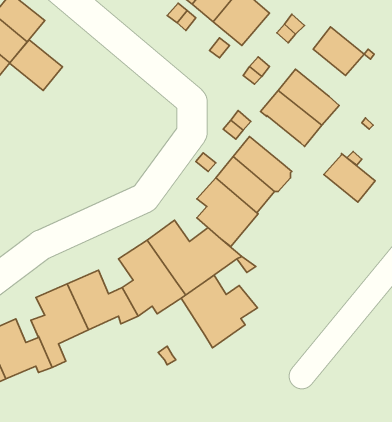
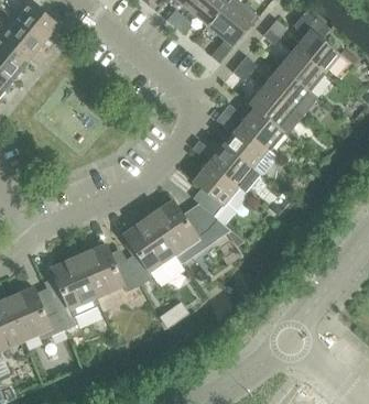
building: [10,40,63,90] -> none
building: none -> [280,48,324,90]
building: [324,153,375,202] -> [239,107,284,150]
building: [181,275,258,348] -> none

